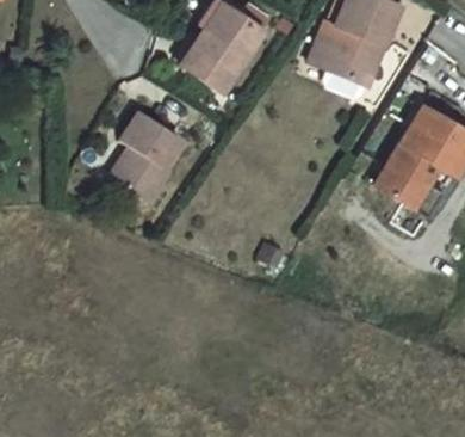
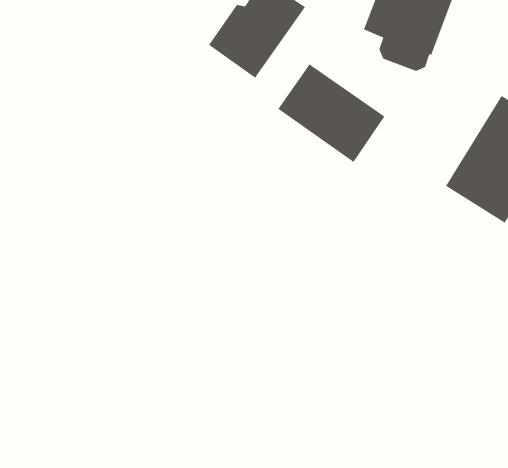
building: none -> [277,64,385,163]
building: [113,111,182,199] -> none

